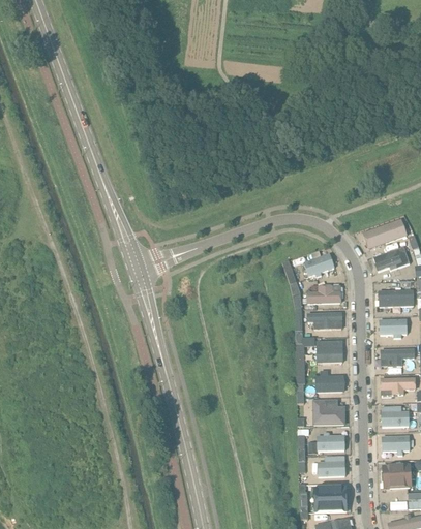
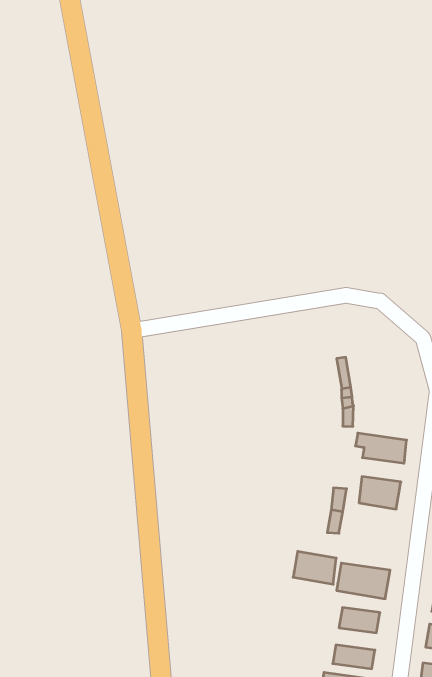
building: [302,253,335,277] -> none
building: [306,282,342,302] -> none
building: [314,373,343,392] -> [293,551,336,584]

